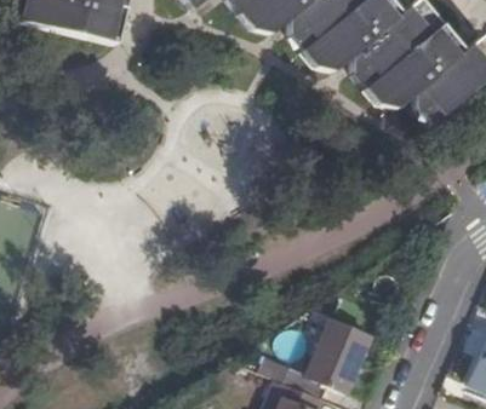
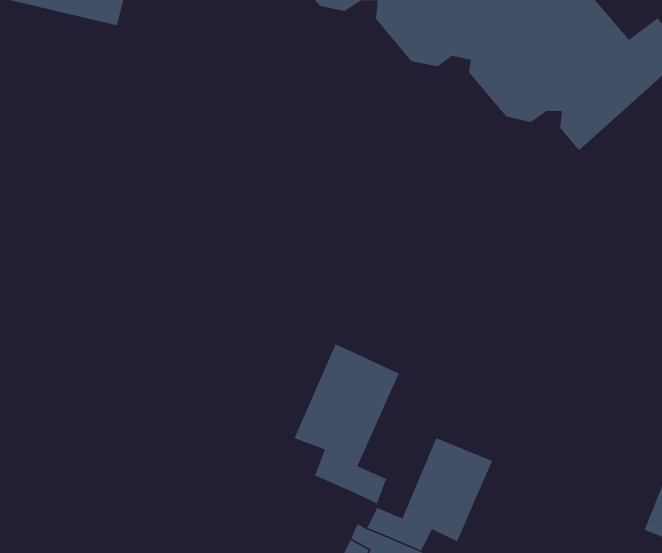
building: none -> [294,343,400,504]

